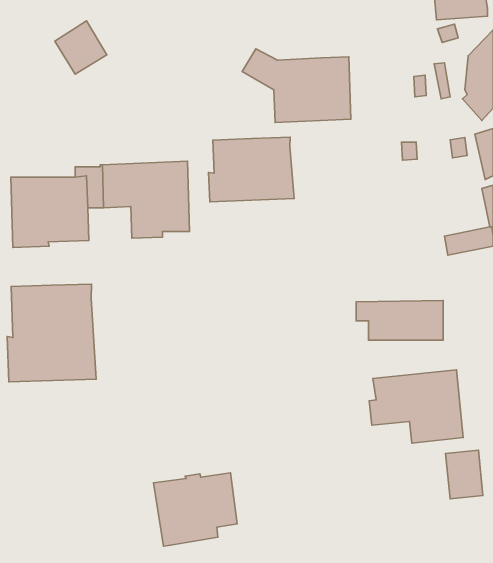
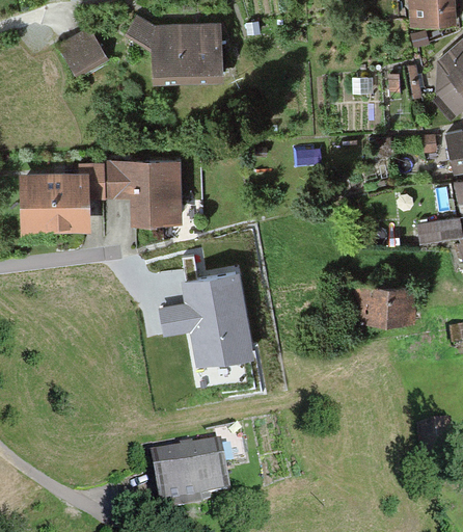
building: [242,49,351,123] -> [125,15,224,82]
building: [209,137,294,202] -> none
building: none -> [160,251,251,363]
building: [7,284,96,382] -> none
building: [369,370,463,443] -> none

